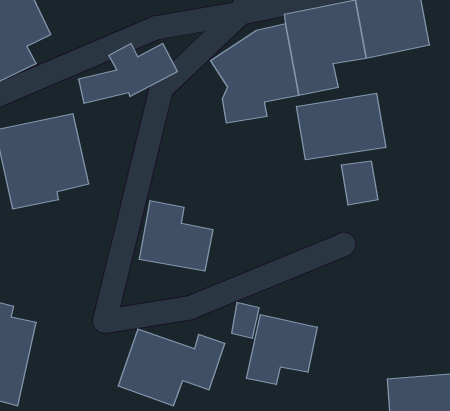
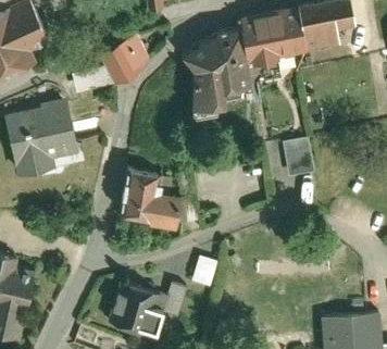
building: [297,93,386,160] -> none
building: [247,315,317,385] -> none

